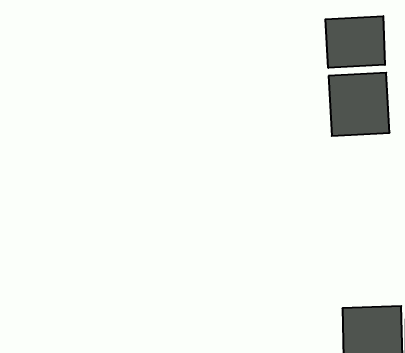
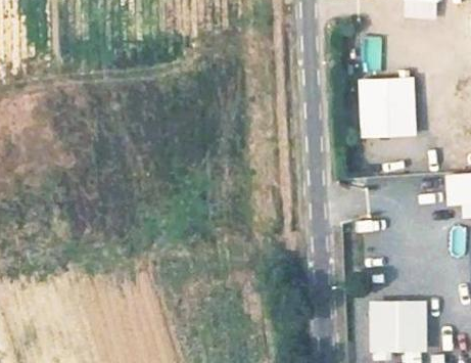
building: [325,16,385,68] -> none

